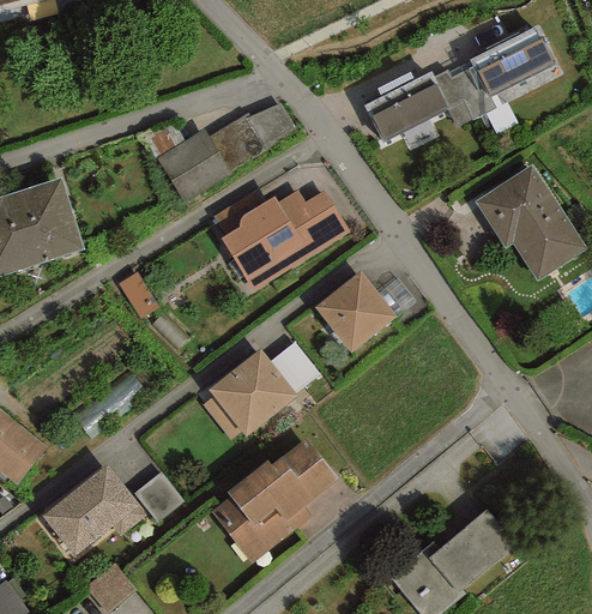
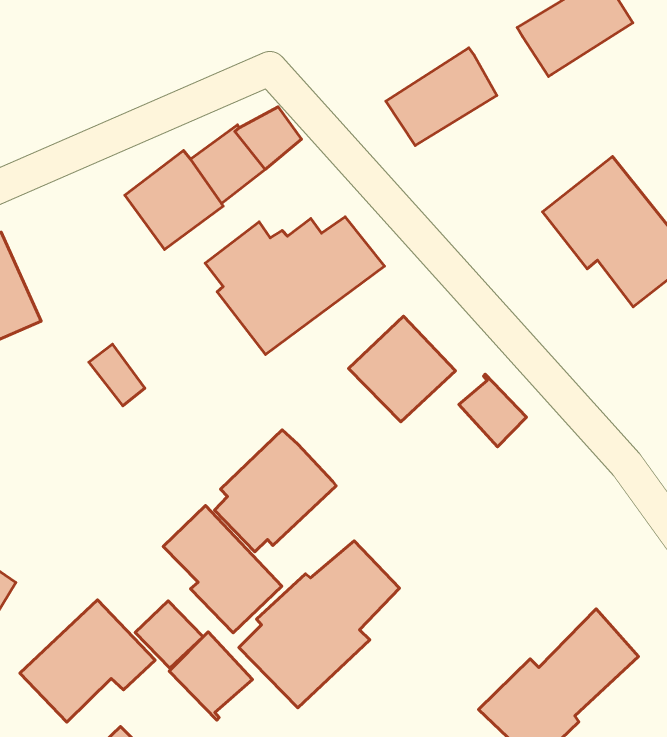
building: [433,66,495,126] -> none
building: none -> [459,374,527,447]
building: [270,342,318,392] -> none
building: none -> [163,506,282,633]
building: none -> [169,632,252,720]

